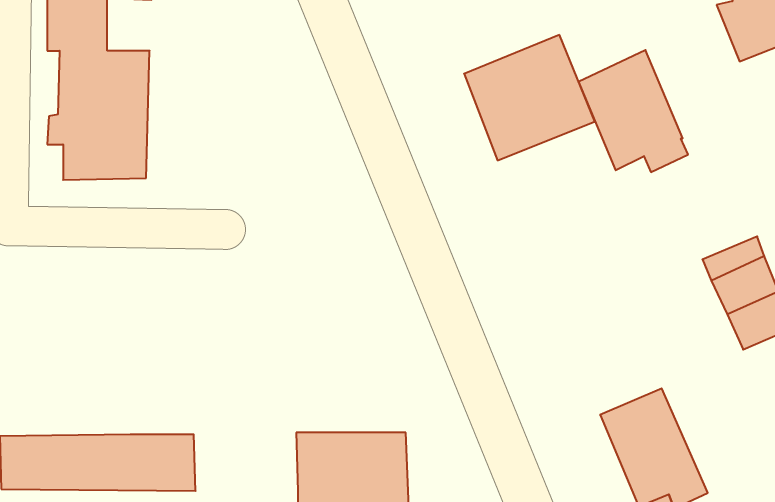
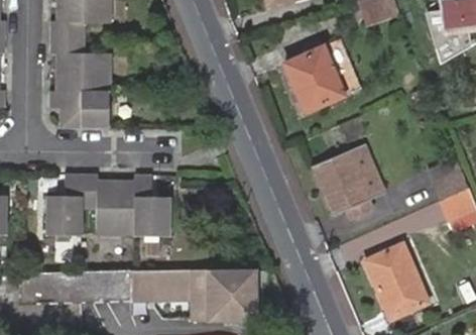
building: [579,50,688,172] -> [314,147,376,217]
building: none -> [45,174,173,236]
building: none -> [133,270,193,304]

